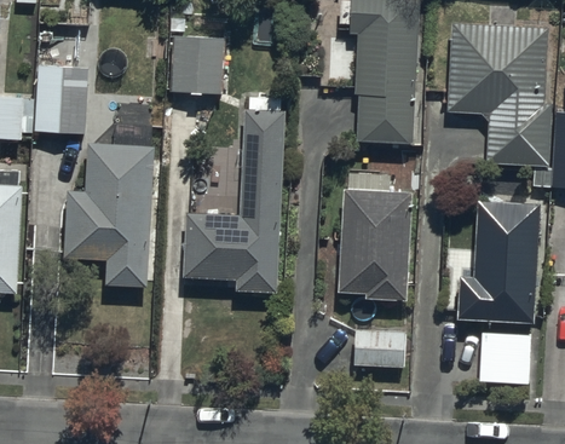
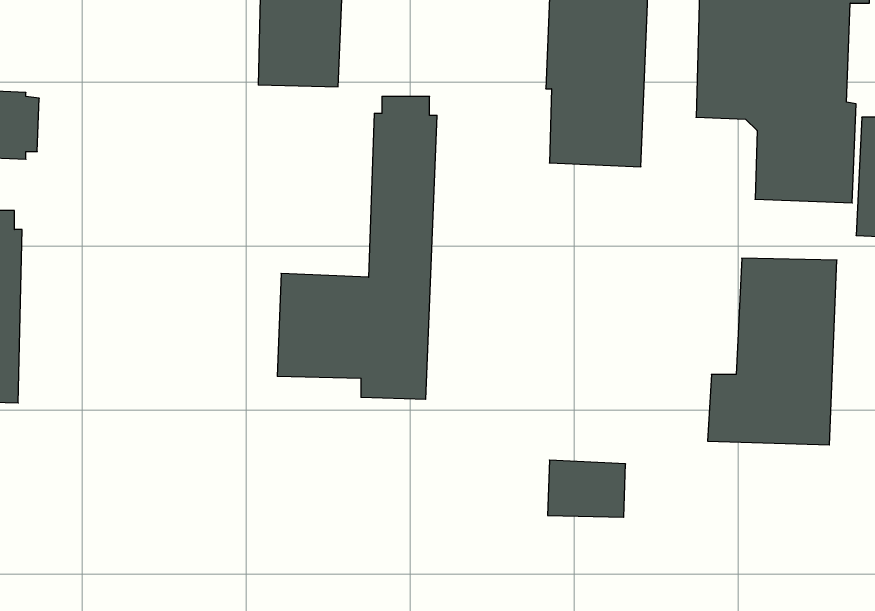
building: [36,67,90,134] -> none
building: [65,108,152,286] -> none
building: [339,177,409,300] -> none
building: [479,336,529,385] -> none

